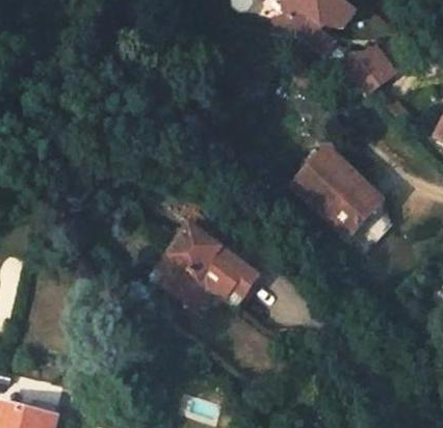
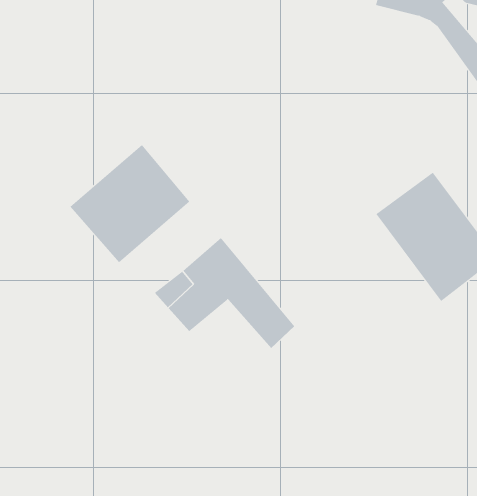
building: none -> [69,144,190,263]
building: [174,261,234,310] -> none

